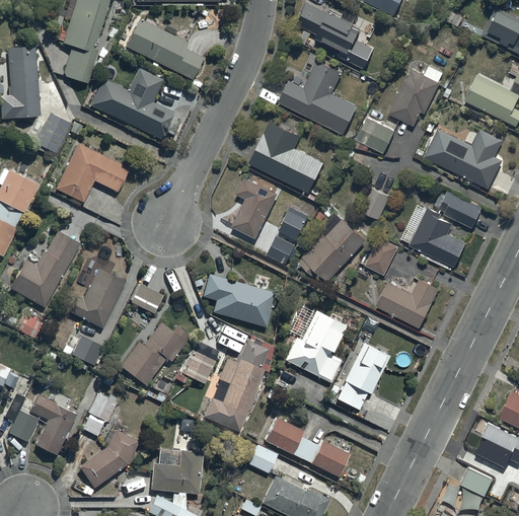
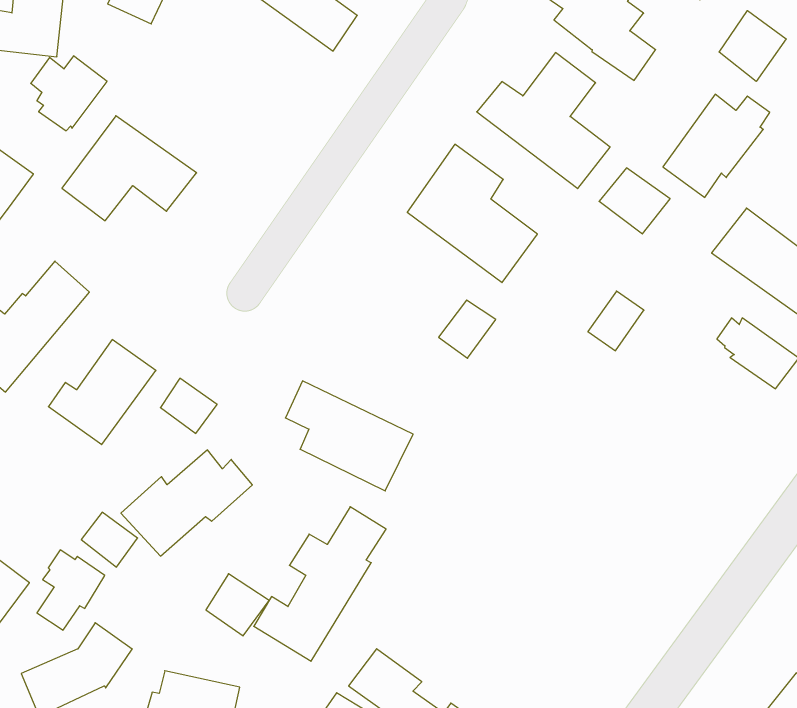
building: none -> [719,11,786,81]
building: [90,72,175,142] -> none
building: [233,180,279,241] -> none
building: [400,208,467,271] -> none
building: [300,214,367,285] -> none
building: [268,238,296,267] -> none
building: [366,240,399,278] -> none
building: [375,282,437,324] -> none
building: [285,303,345,381] -> none
building: [71,333,102,362] -> [81,512,138,567]
building: [335,339,384,406] -> none
building: [180,347,215,380] -> [206,574,269,636]

